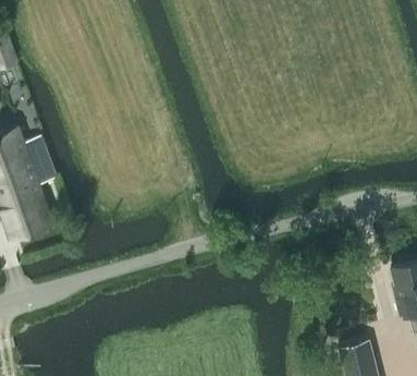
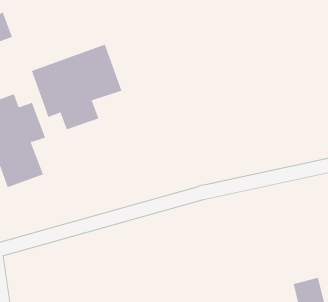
building: none -> [31,44,122,130]

